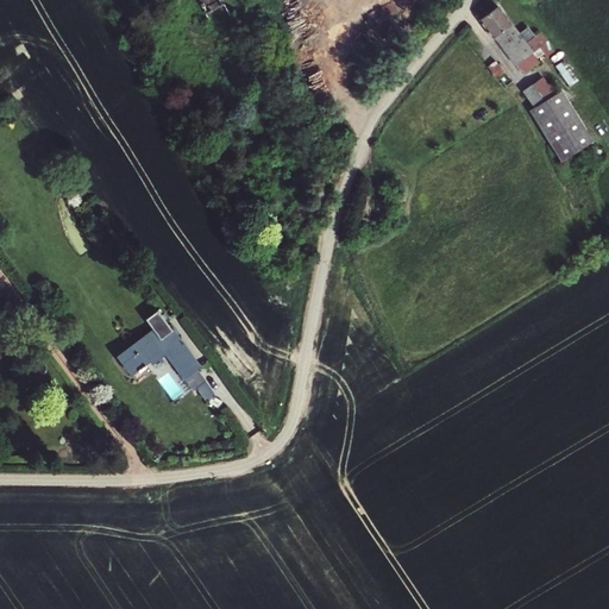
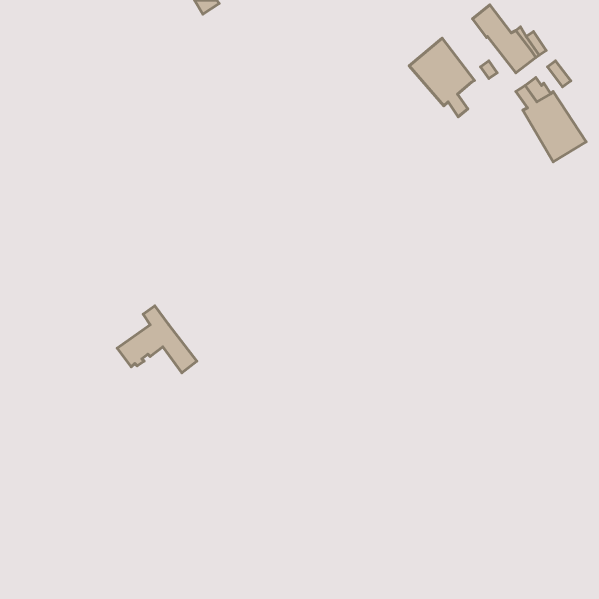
building: none -> [409,38,475,117]

